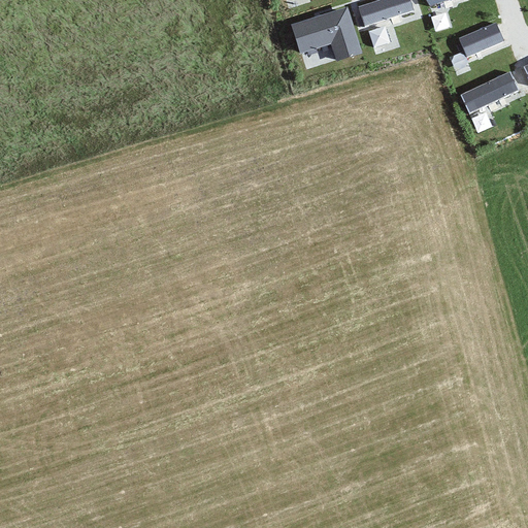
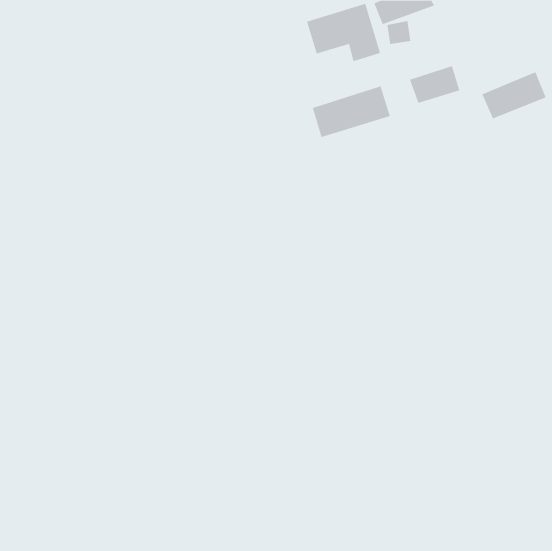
building: [457,21,505,57] -> [409,65,460,103]
building: none -> [312,85,390,138]

